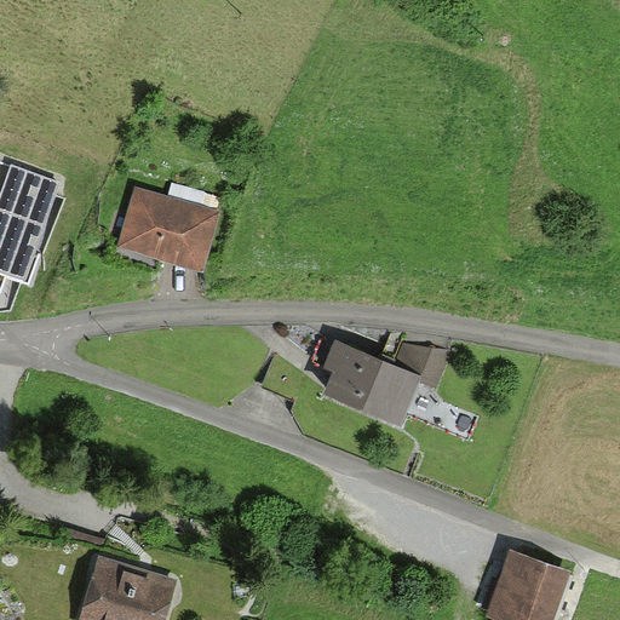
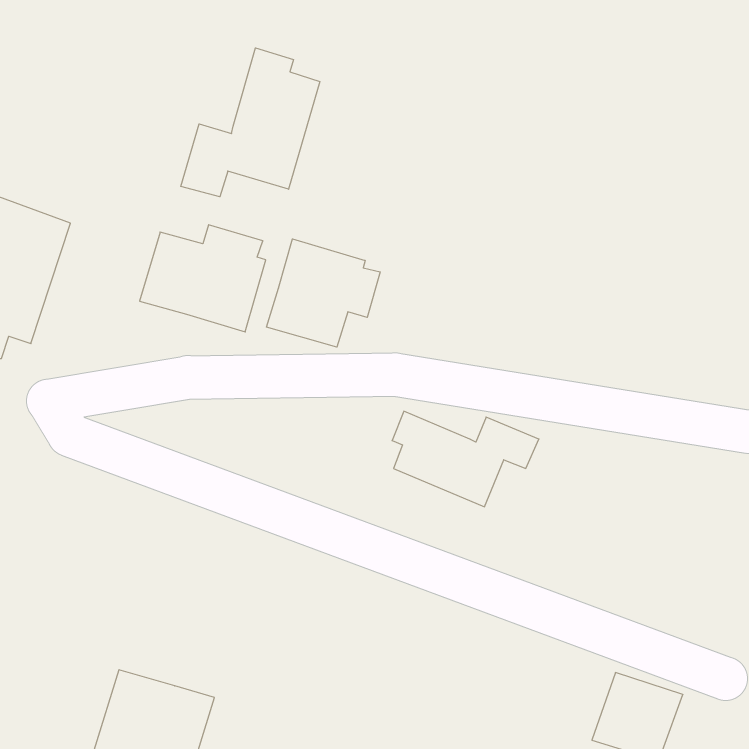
building: none -> [181,48,320,197]
building: none -> [267,239,380,347]

